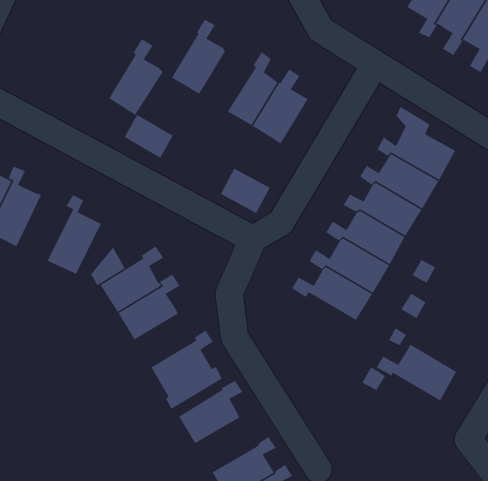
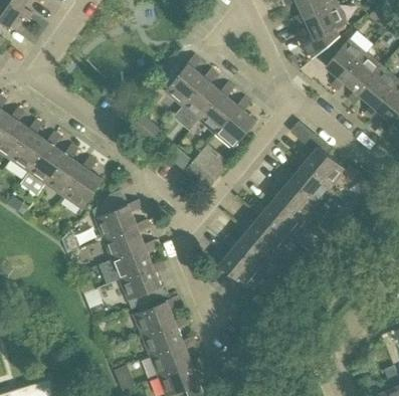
building: [108,38,164,116] -> [183,69,222,120]
building: none -> [47,145,87,199]
building: none -> [115,240,159,279]
building: [375,344,457,402] -> [209,247,262,288]
building: none -> [144,317,189,355]

